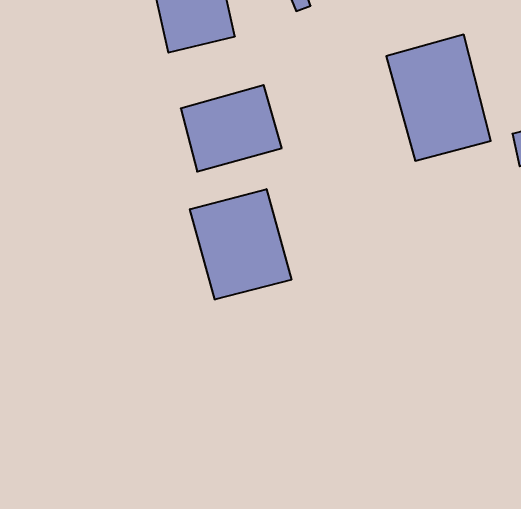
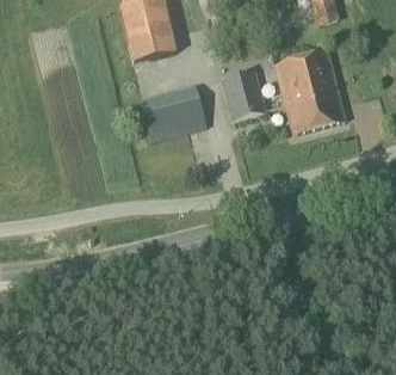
building: none -> [222,69,266,119]
building: [190,189,291,300] -> none

